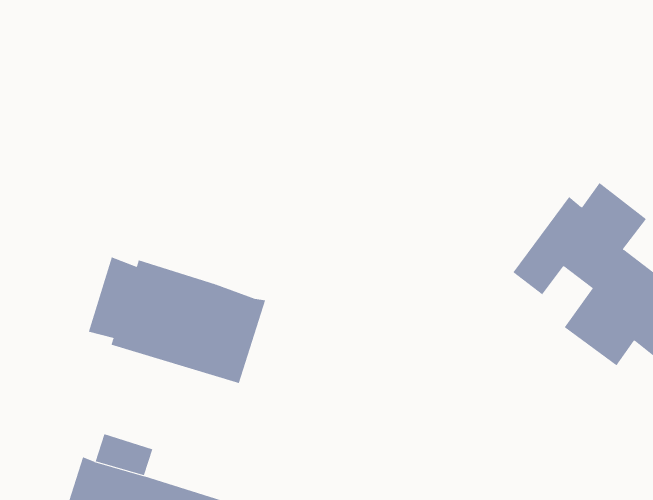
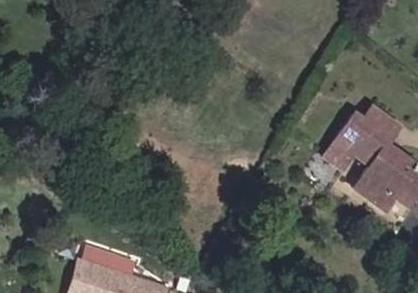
building: [88,257,266,384] -> none

